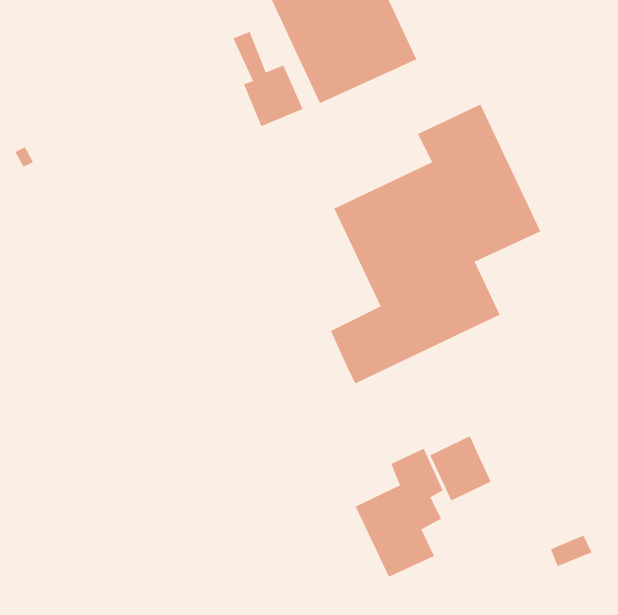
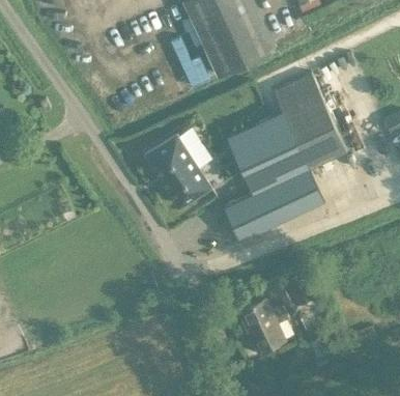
building: none -> [145,130,211,208]

